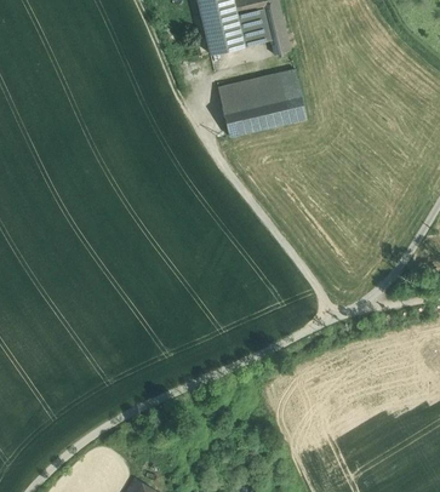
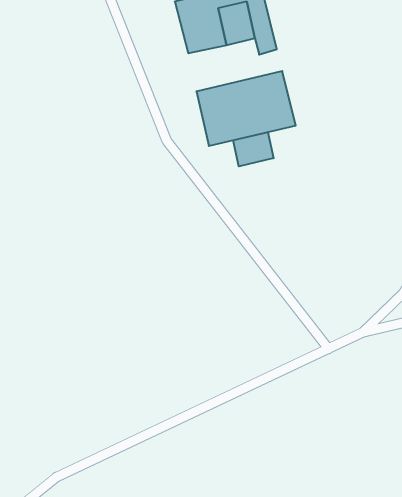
building: none -> [233,132,274,166]

